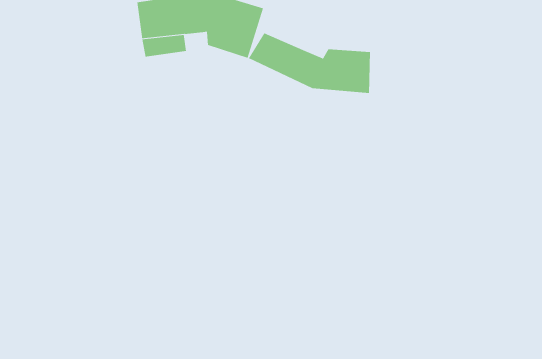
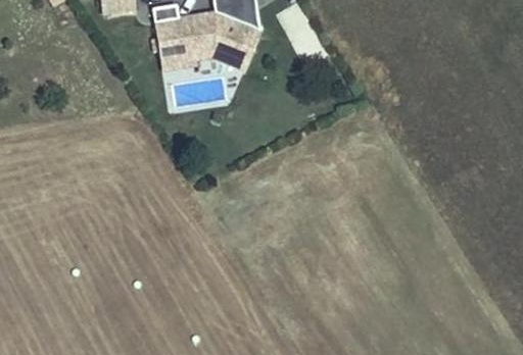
building: [248,32,370,94] -> none

